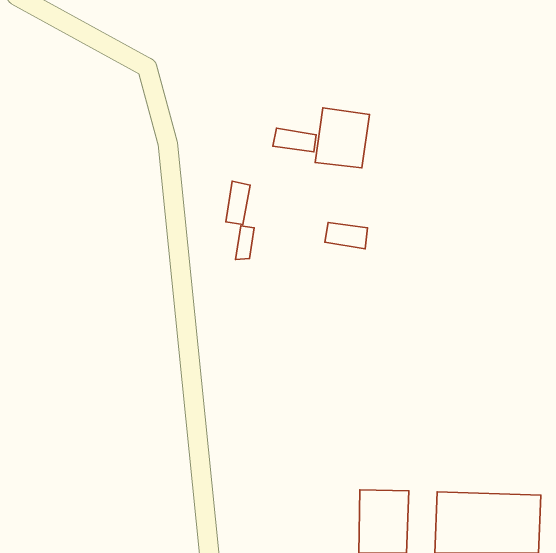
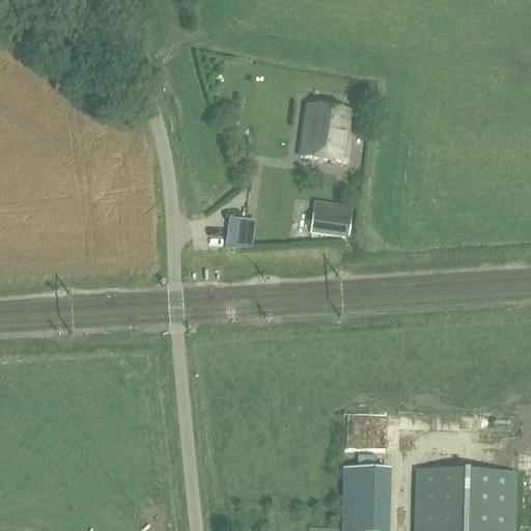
building: [273,128,316,152] -> none
building: [226,181,250,224] -> none

